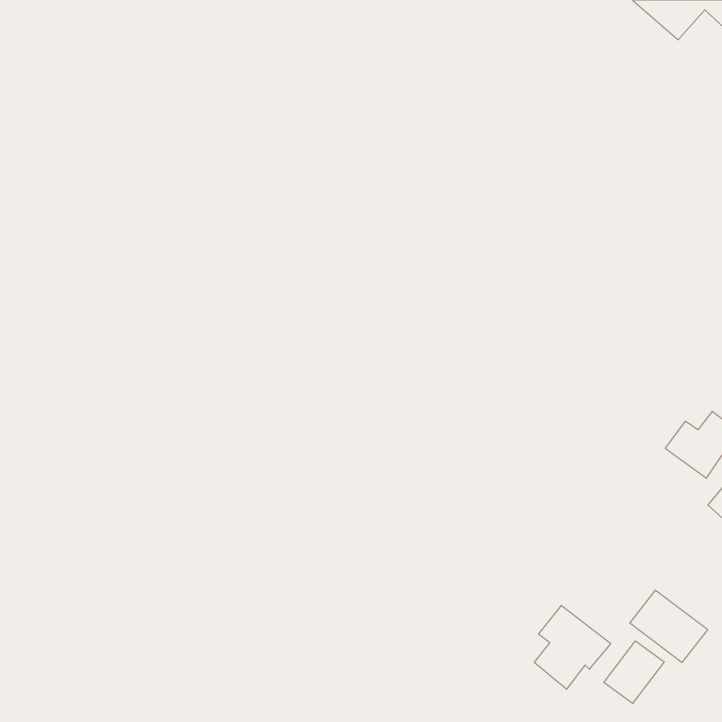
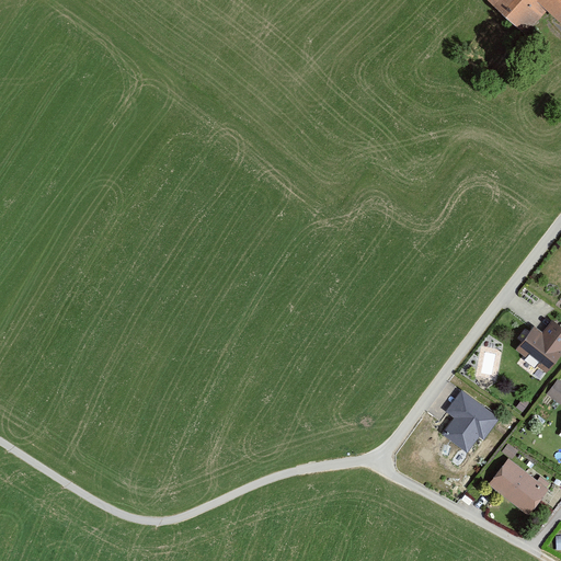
building: [534,605,611,689] -> [442,388,501,453]
building: [604,641,664,703] -> none

